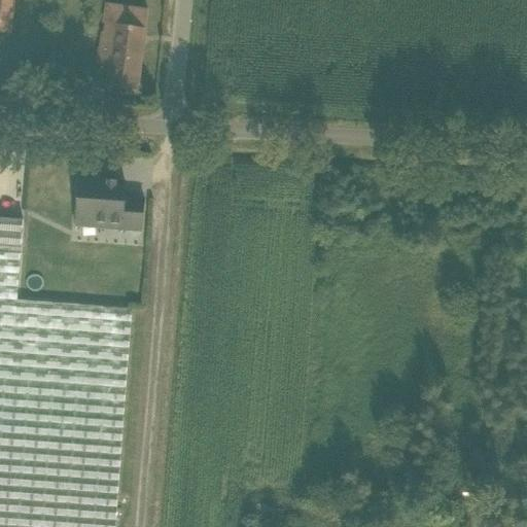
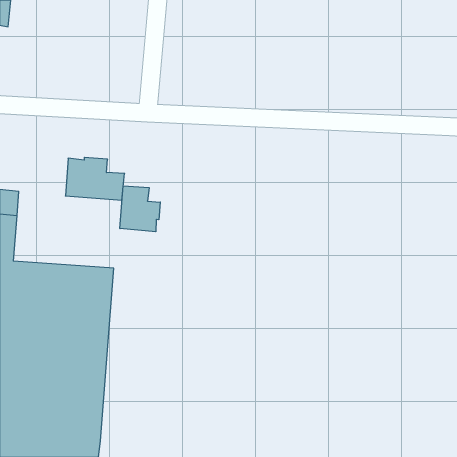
building: [96,4,146,92] -> none
building: none -> [120,186,160,232]

